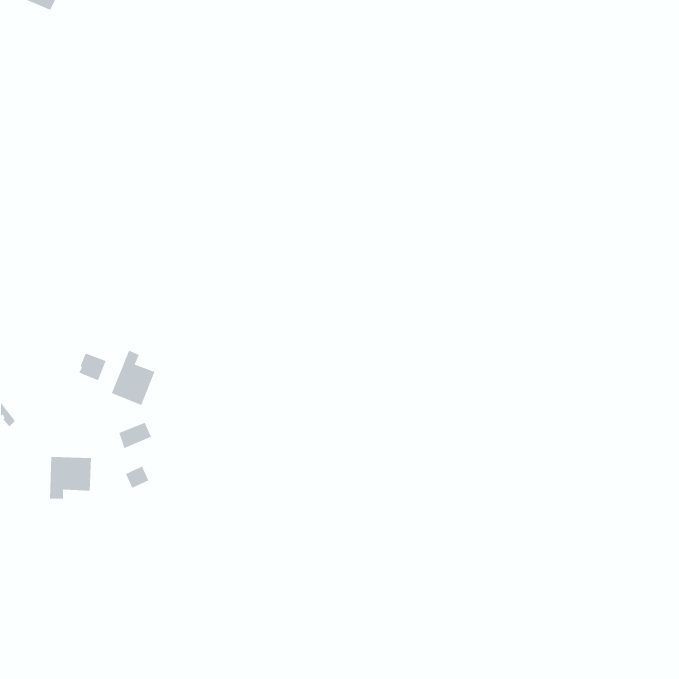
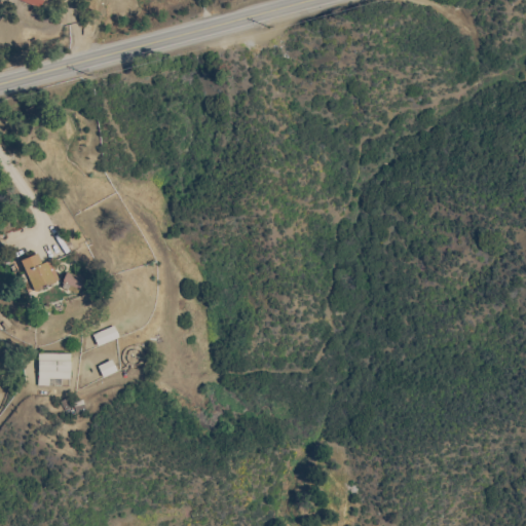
building: none -> [21,253,60,291]
building: [111,350,155,406] -> none

